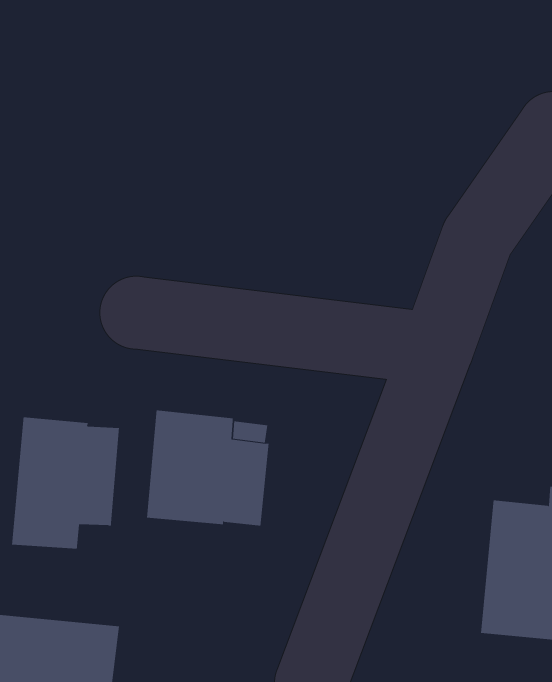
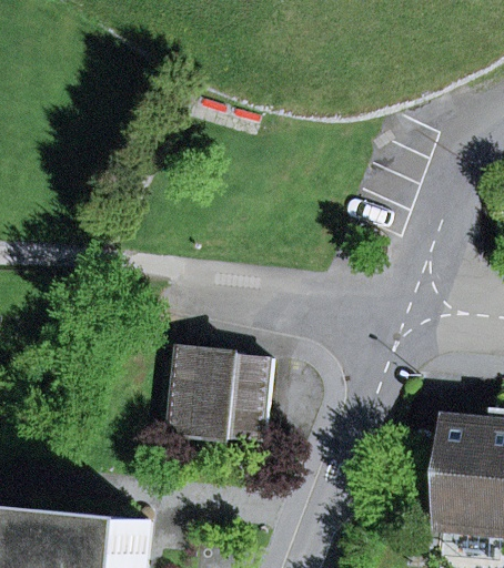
building: [12,417,119,550] -> none

